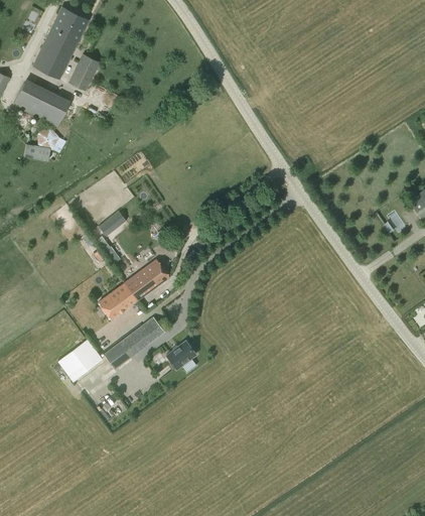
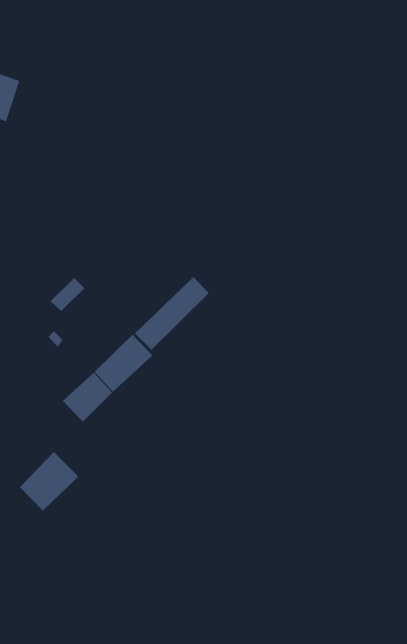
building: [104,317,163,368] -> [134,276,210,350]
building: [166,341,195,369] -> none

